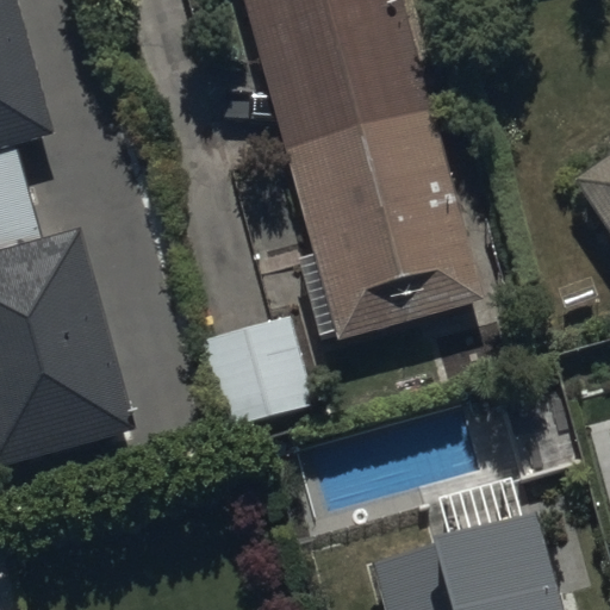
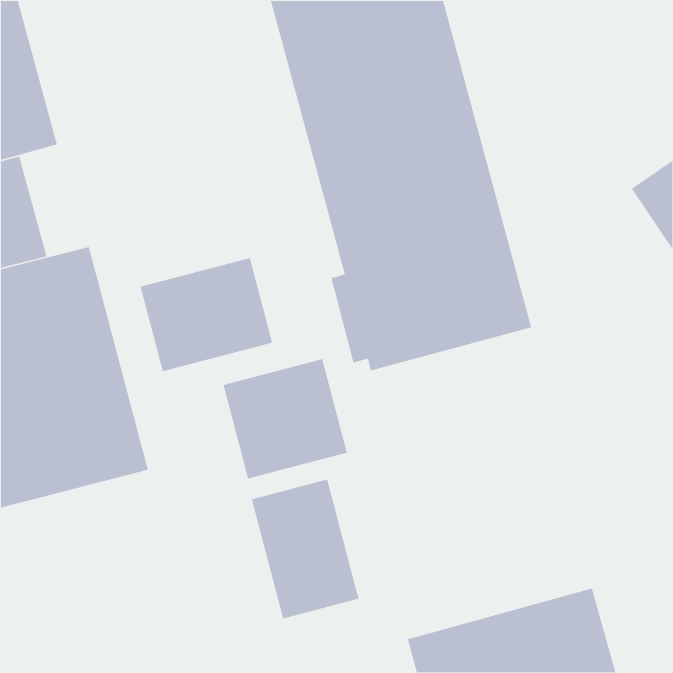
building: none -> [139,257,273,372]
building: none -> [251,478,360,619]

